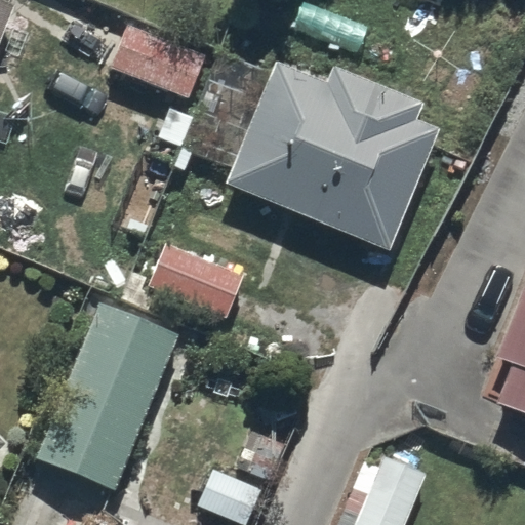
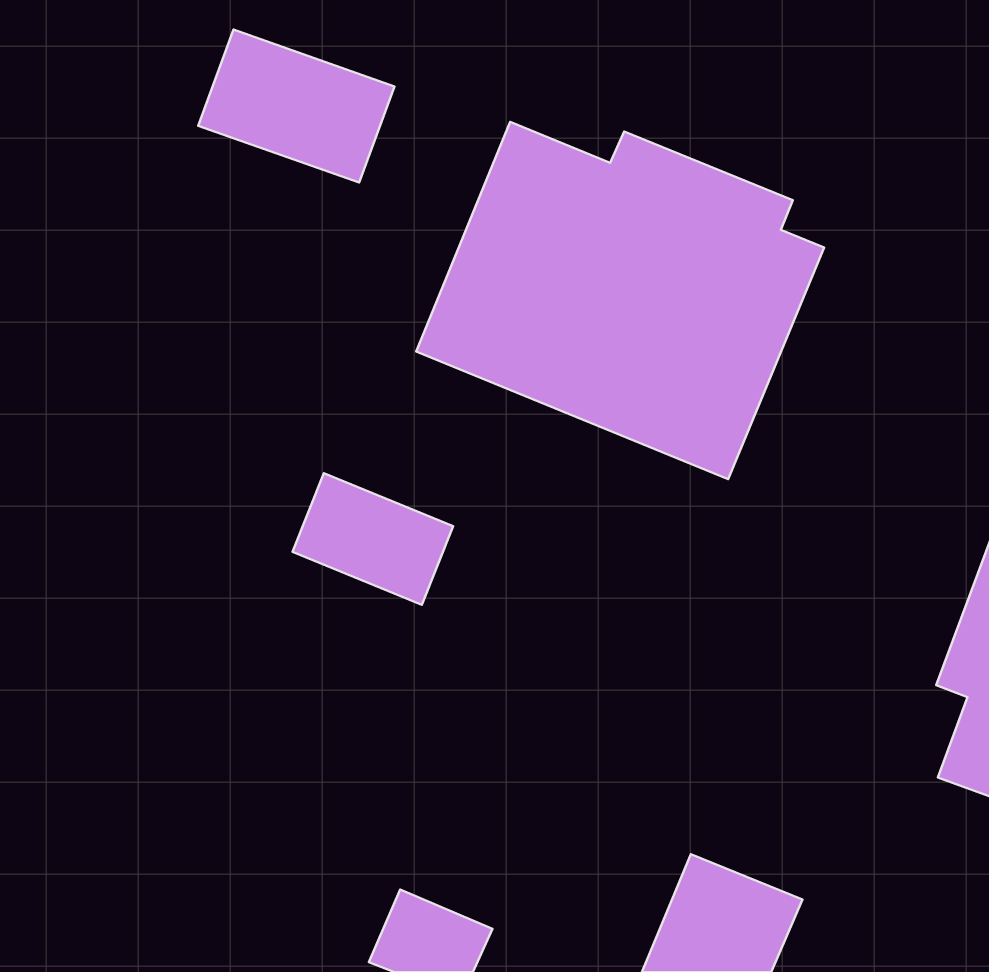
building: [38,306,176,489] -> none

